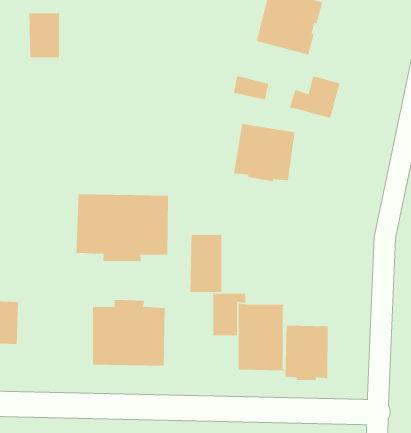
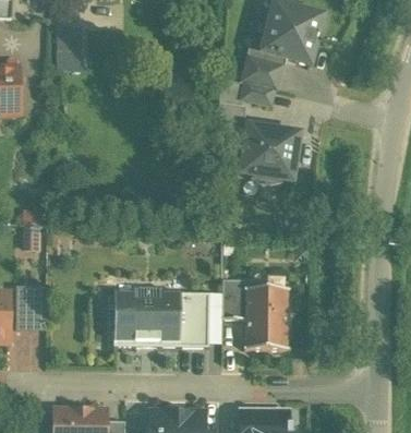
building: [289,74,340,119] -> [239,51,286,92]
building: [76,194,169,262] -> none
building: [190,234,222,293] -> [179,293,208,347]
building: [285,325,329,381] -> none

